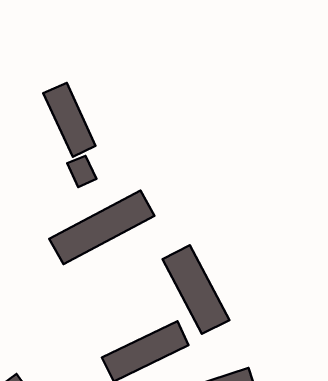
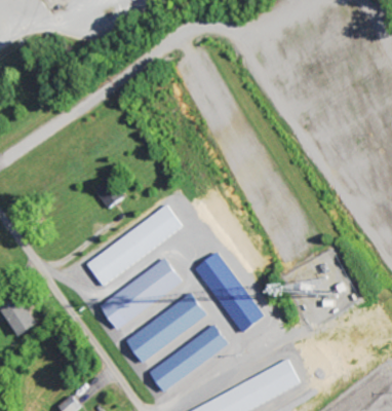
building: [43,83,95,157] -> none
building: none -> [99,259,183,328]
building: none -> [125,293,207,363]

